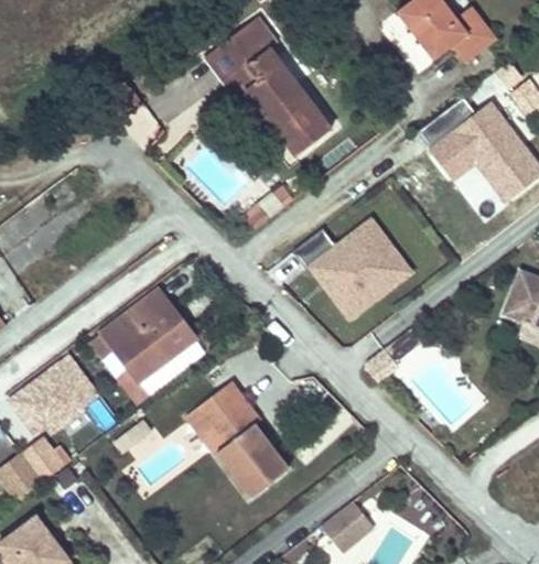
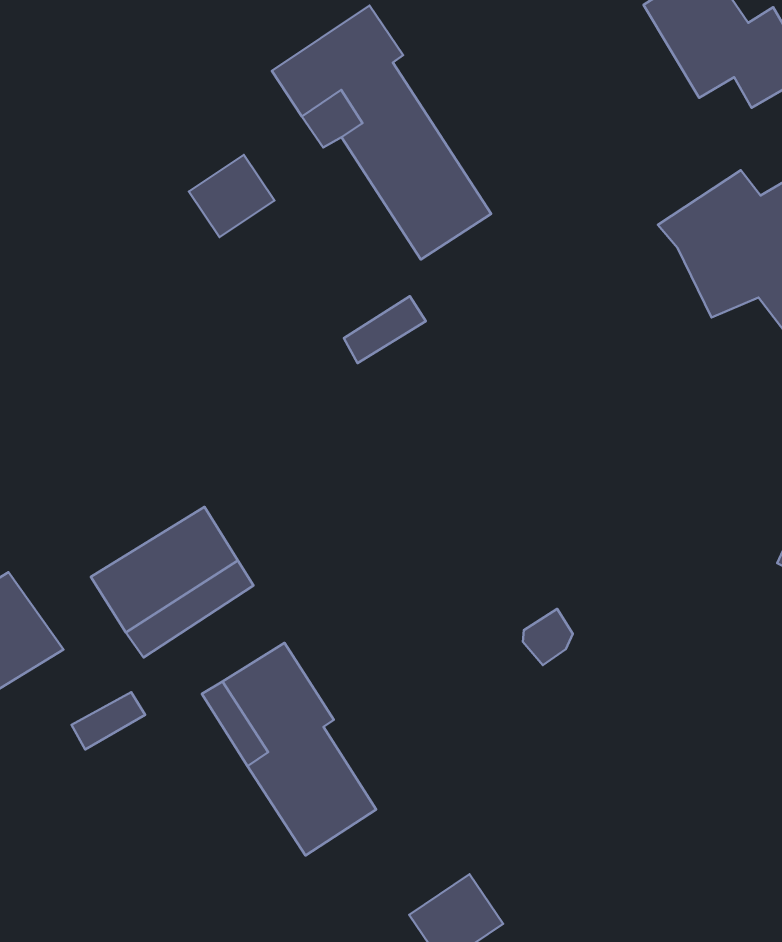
building: none -> [189,155,275,237]
building: [309,215,419,323] -> none
building: [101,288,177,352] -> none

